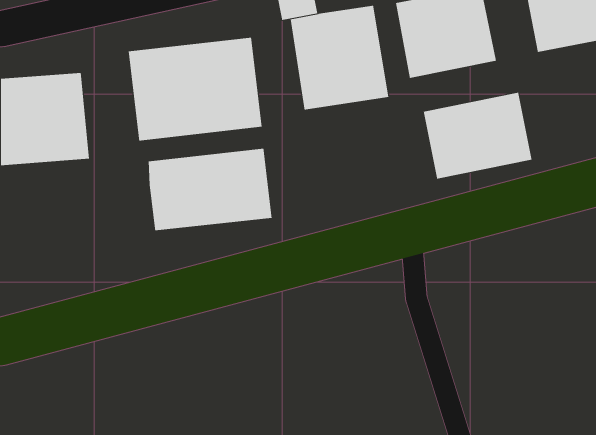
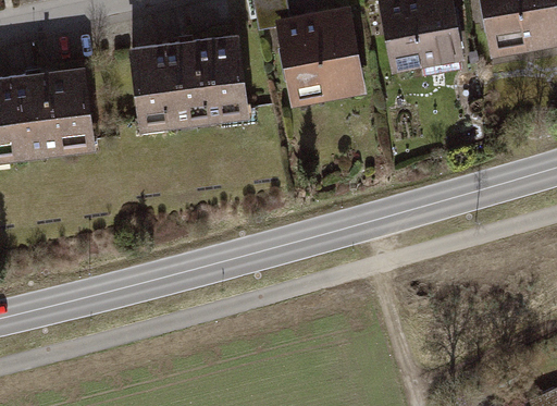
building: [423,92,532,179] -> none
building: [148,148,272,231] -> none

